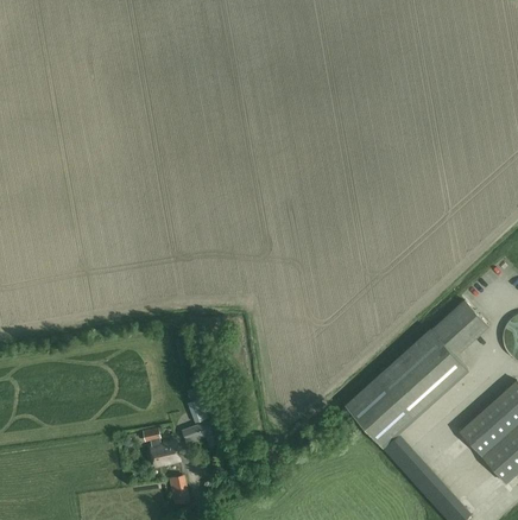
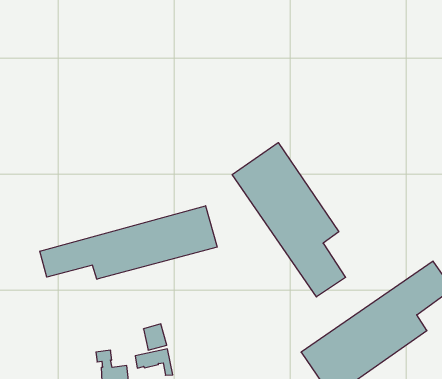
building: none -> [232,143,346,297]
building: none -> [40,206,217,279]

